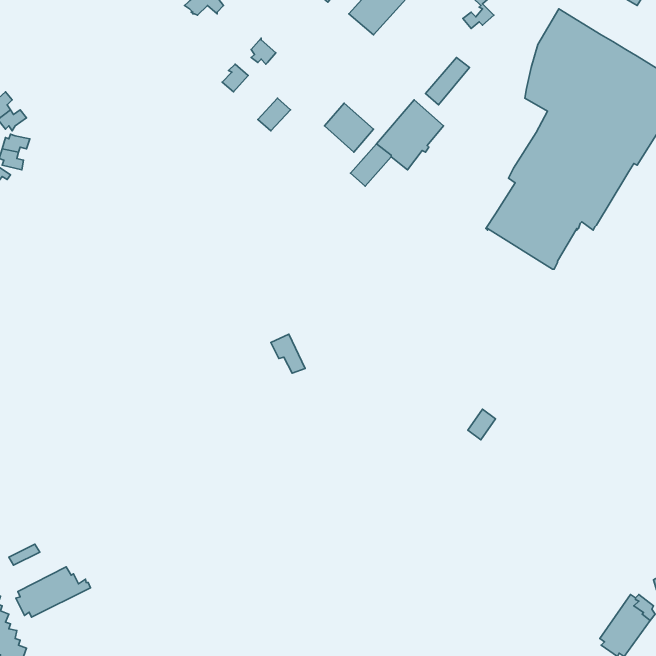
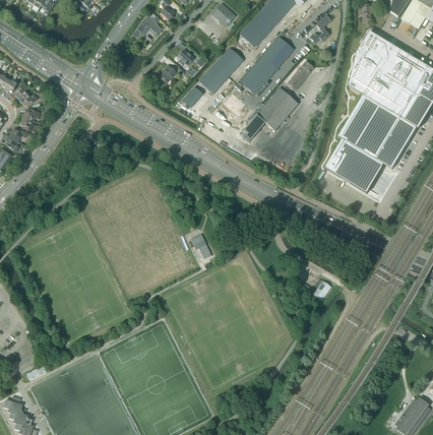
building: none -> [241,37,293,94]
building: none -> [199,48,243,94]
building: [16,567,91,617] -> none

